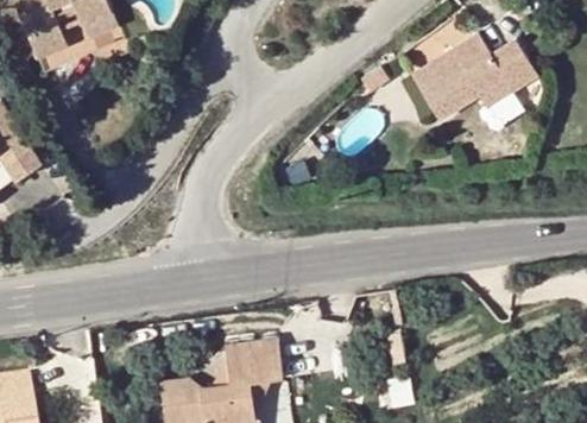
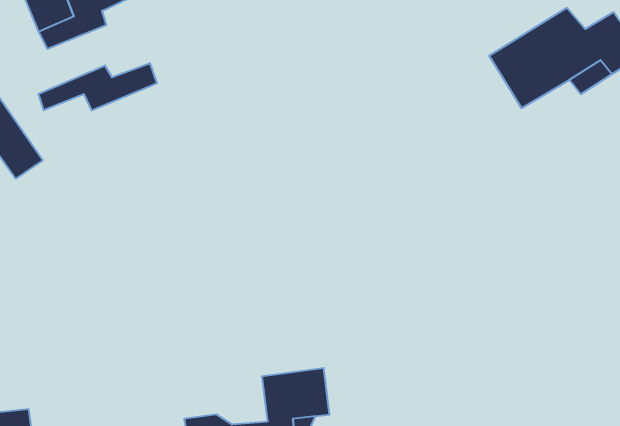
building: none -> [39,63,157,111]

